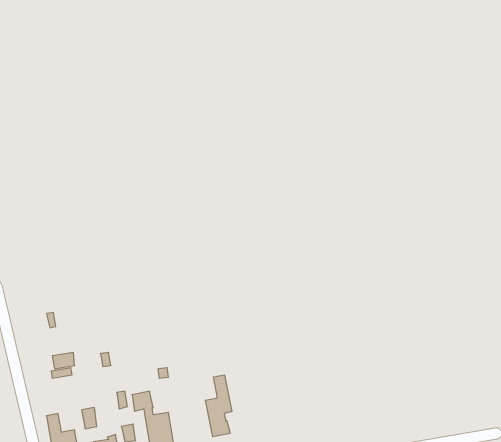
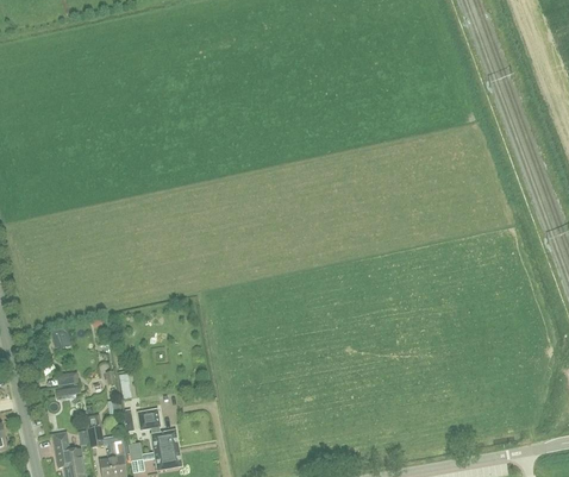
building: [205,375,232,437] -> none

